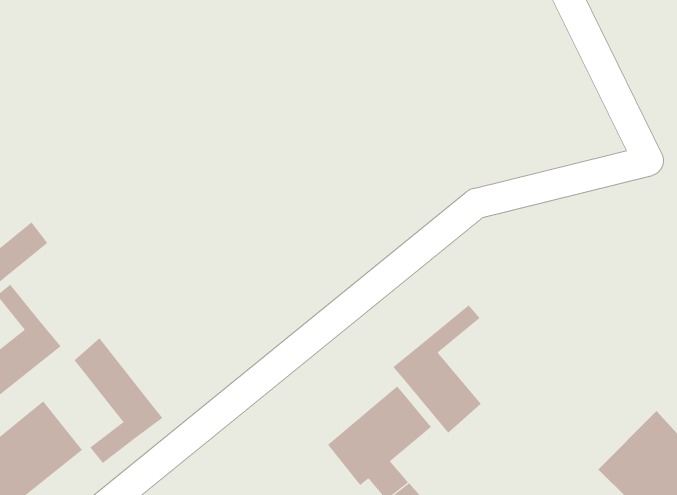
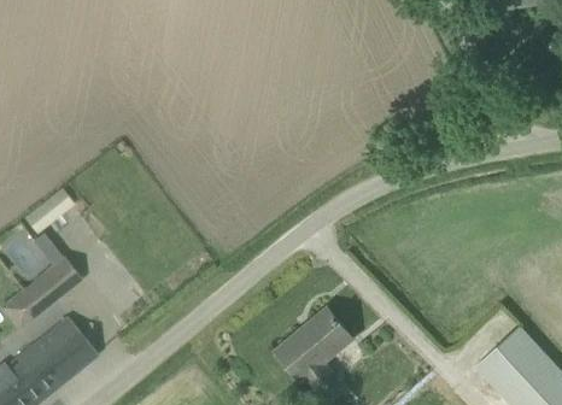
building: [393,305,481,433] -> none
building: [74,338,163,464] -> none

